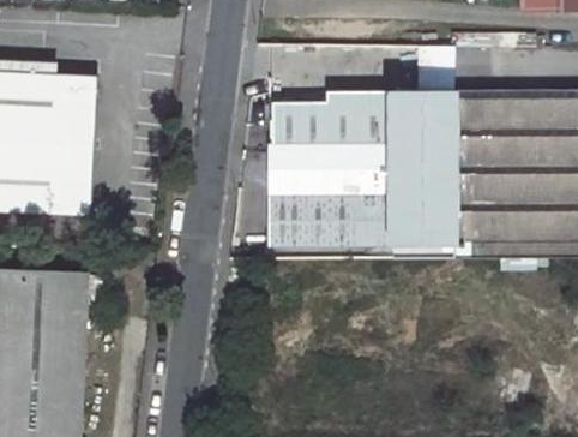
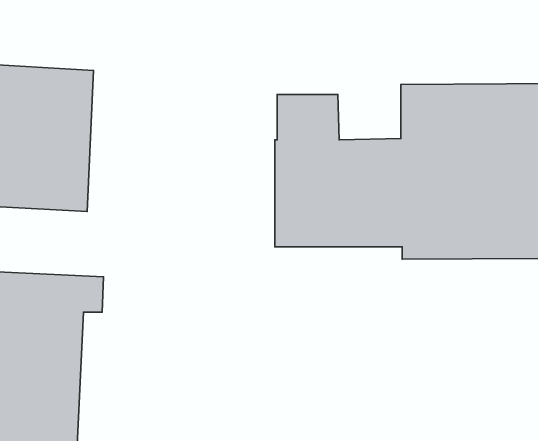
building: [329,90,389,143] -> none

